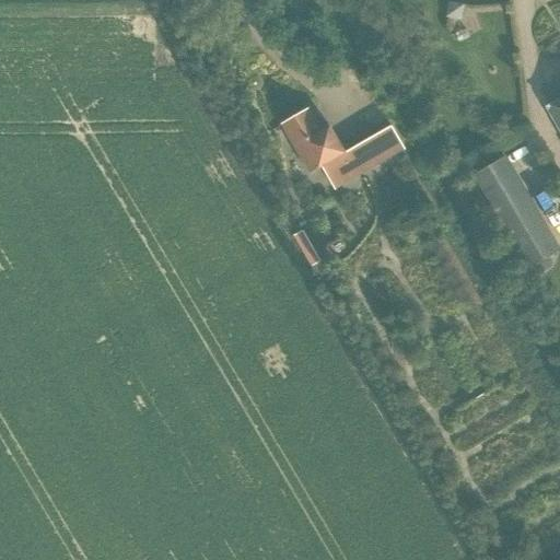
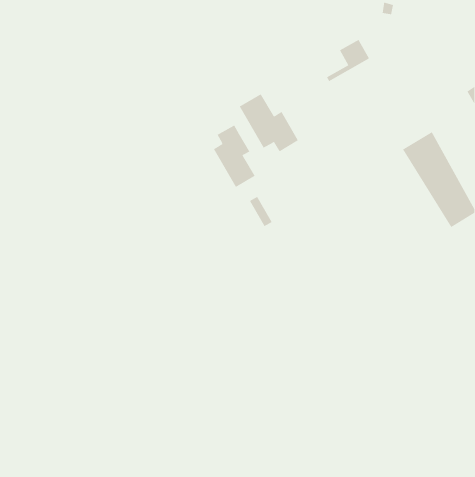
building: [352,126,404,176] -> [326,39,370,82]
building: none -> [213,125,255,188]

